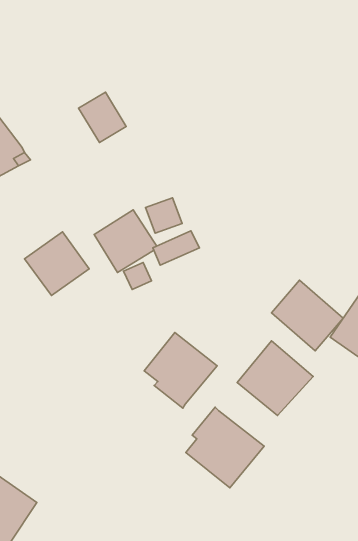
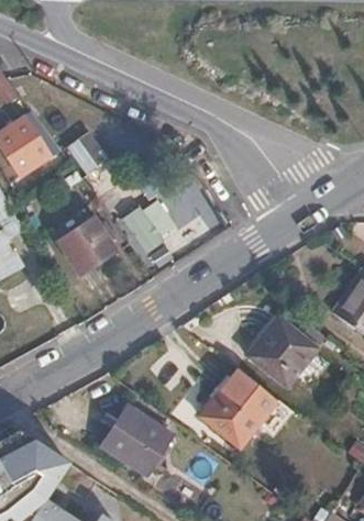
building: [79,92,126,143] -> [64,131,107,176]
building: [272,280,343,351] -> none
building: [144,332,217,408] -> none
building: none -> [101,404,173,474]

